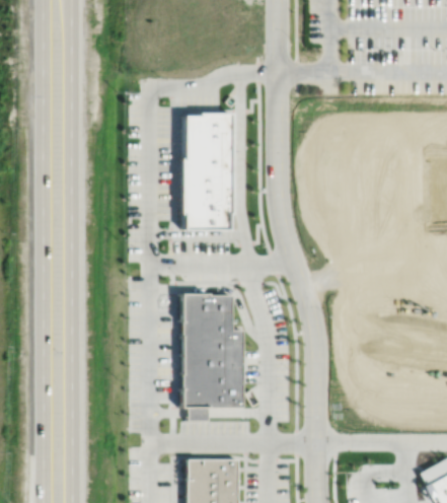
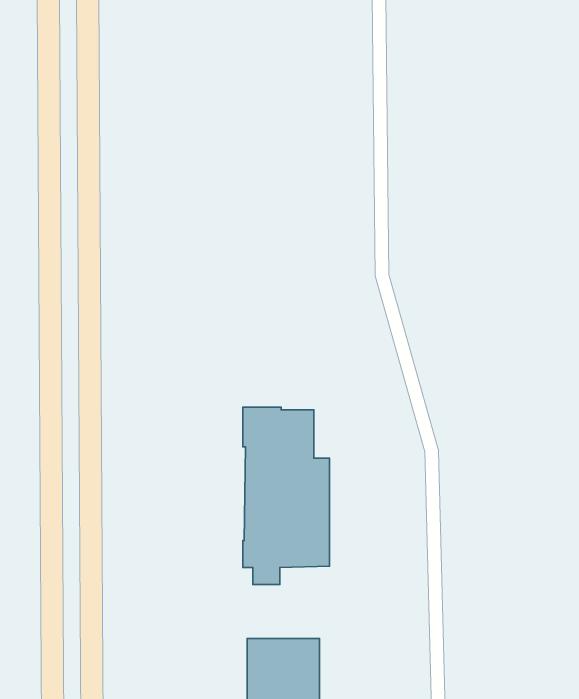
building: [181,112,232,229] -> none

